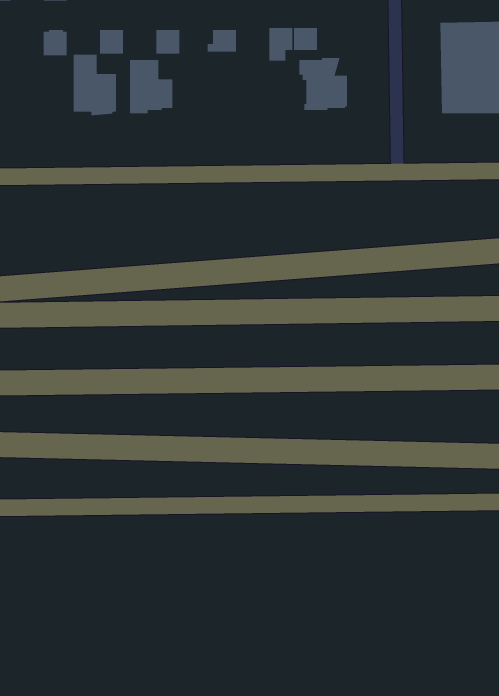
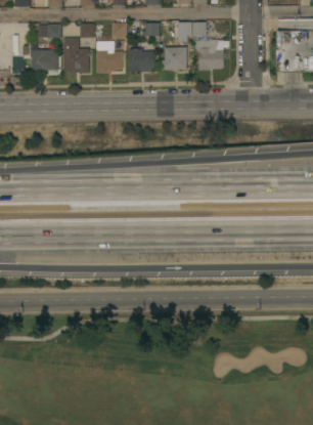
building: none -> [31,43,57,73]
building: none -> [162,46,186,71]
building: none -> [128,47,154,71]

